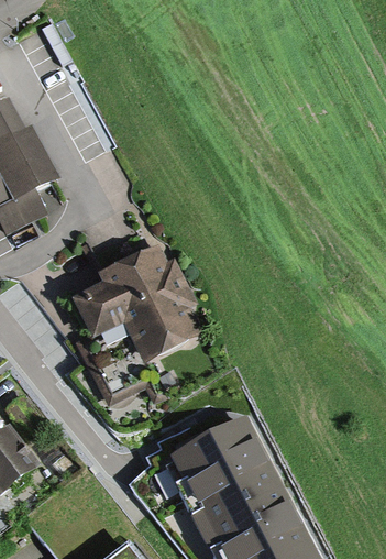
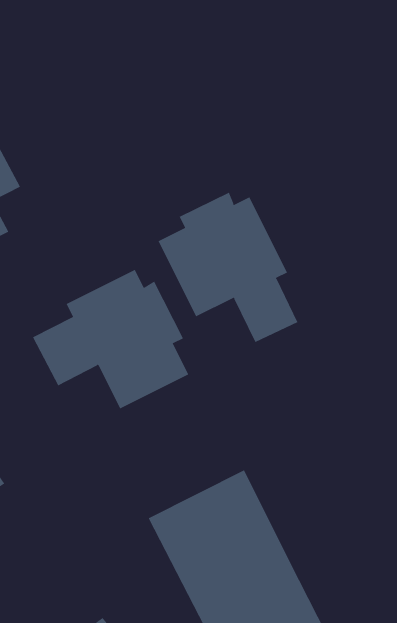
building: none -> [158,192,298,343]

